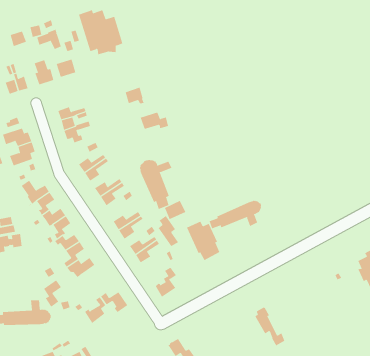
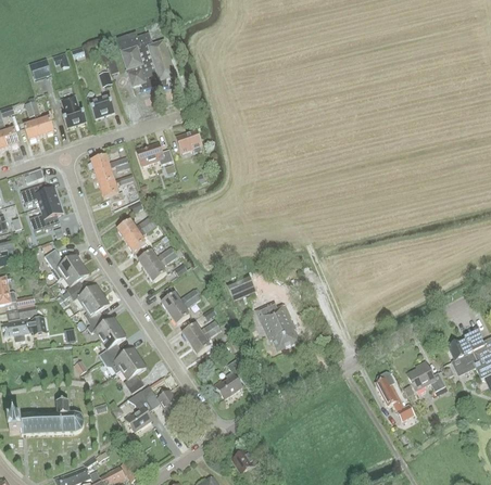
building: [36,26,62,50] -> none
building: [140,112,169,130] -> [135,141,172,164]
building: [139,159,172,210] -> none
building: [209,200,262,229] -> none
building: [158,215,179,247] -> none
building: none -> [446,330,483,367]
building: none -> [406,360,446,394]
building: [43,279,62,308] -> [121,356,144,392]
building: [255,307,285,346] -> [374,370,413,420]

